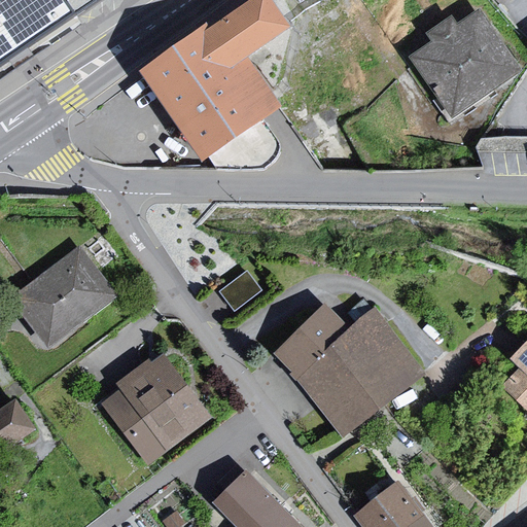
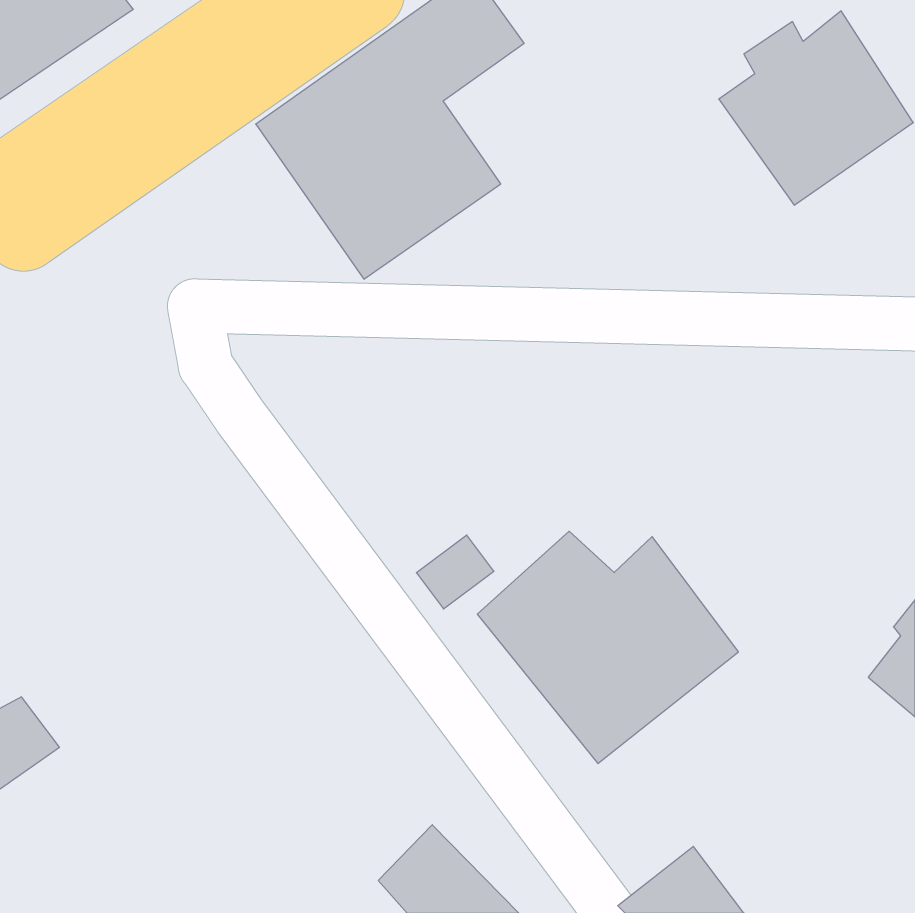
building: [7,245,115,348] -> none
building: [217,268,261,310] -> [416,535,494,609]
building: [100,354,211,464] -> none

